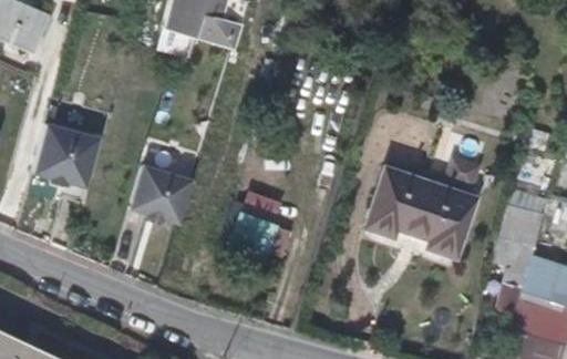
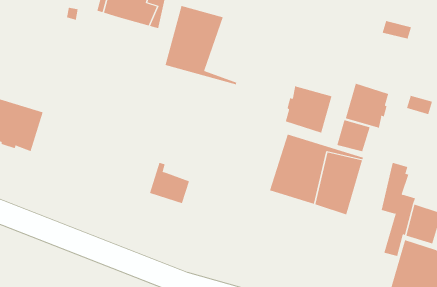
building: none -> [165,5,237,85]
building: none -> [345,83,389,128]
building: none -> [285,86,332,133]
building: [133,167,194,225] -> none

